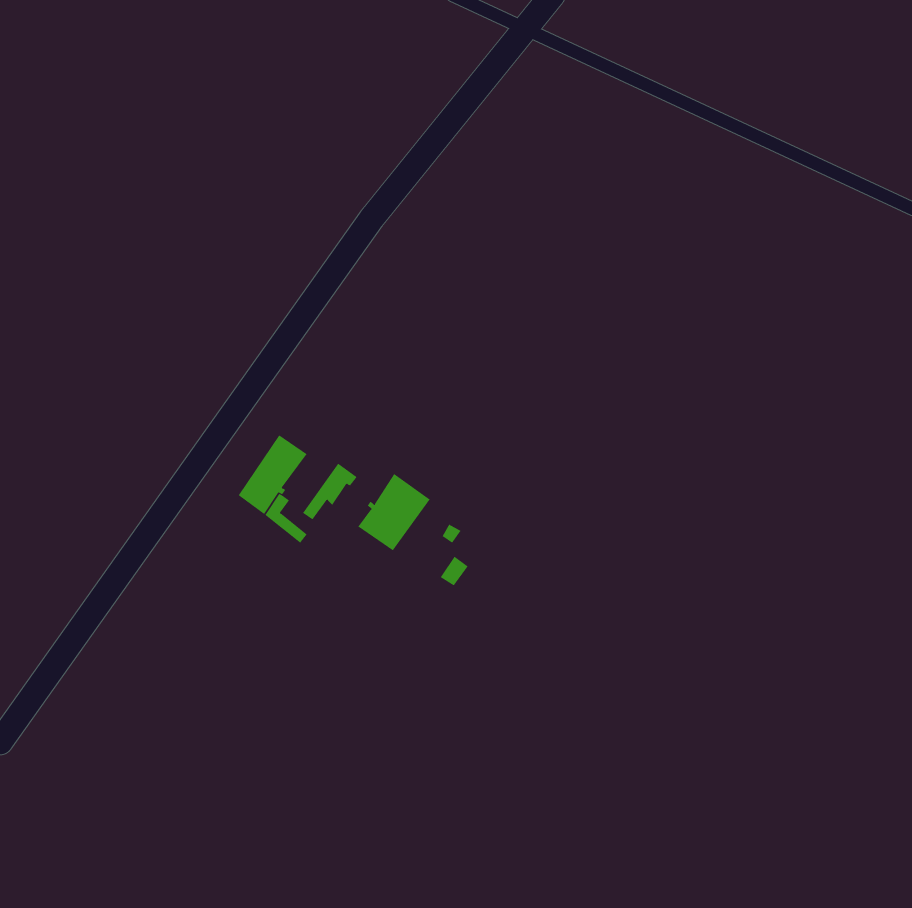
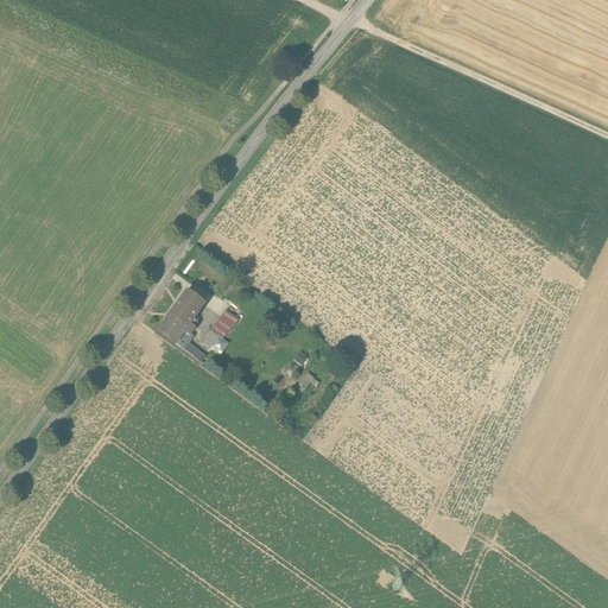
building: [357,473,430,551] -> none

